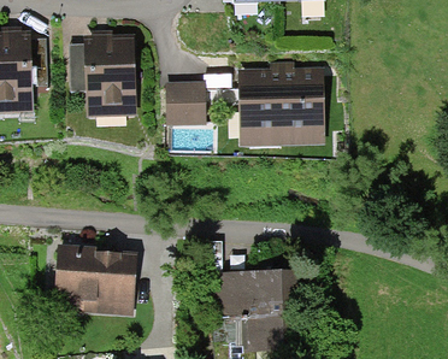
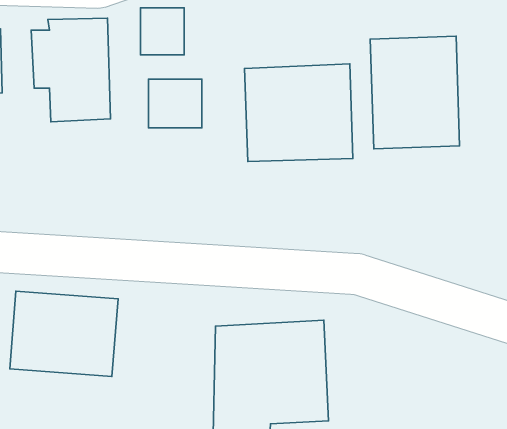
building: none -> [141,8,184,55]
building: none -> [370,36,460,149]

